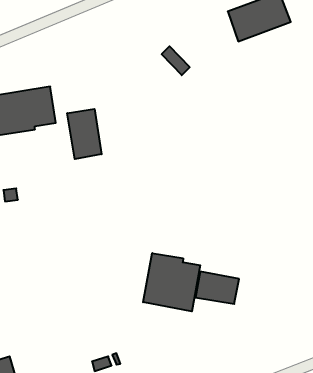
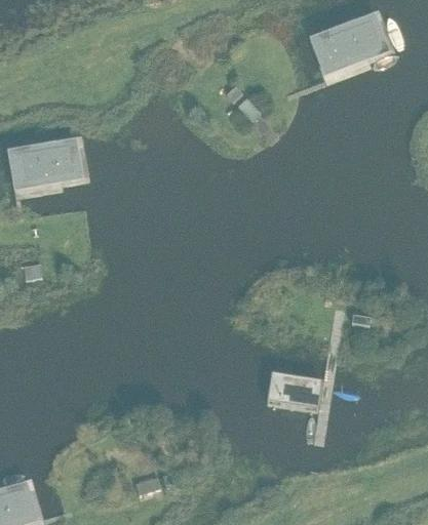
building: [67,109,102,159] -> none
building: [143,253,200,311] -> none

